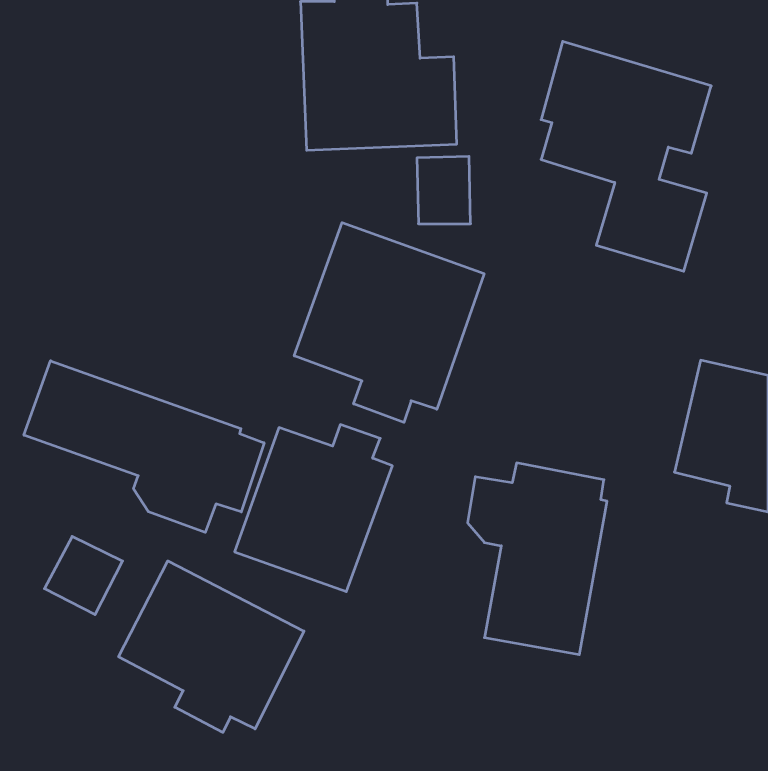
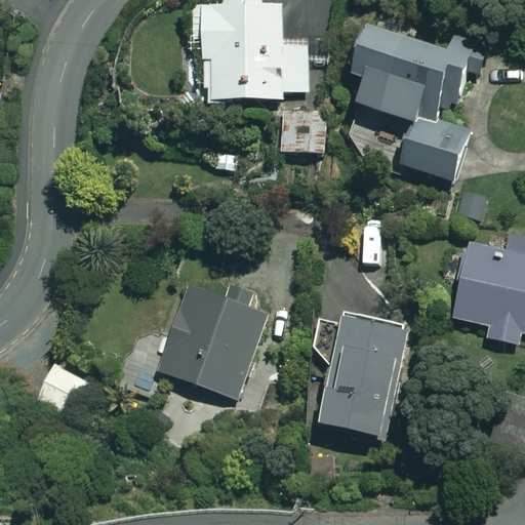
building: [294,223,484,422] -> none
building: [24,361,264,532] -> none
building: [119,561,304,732] -> none

